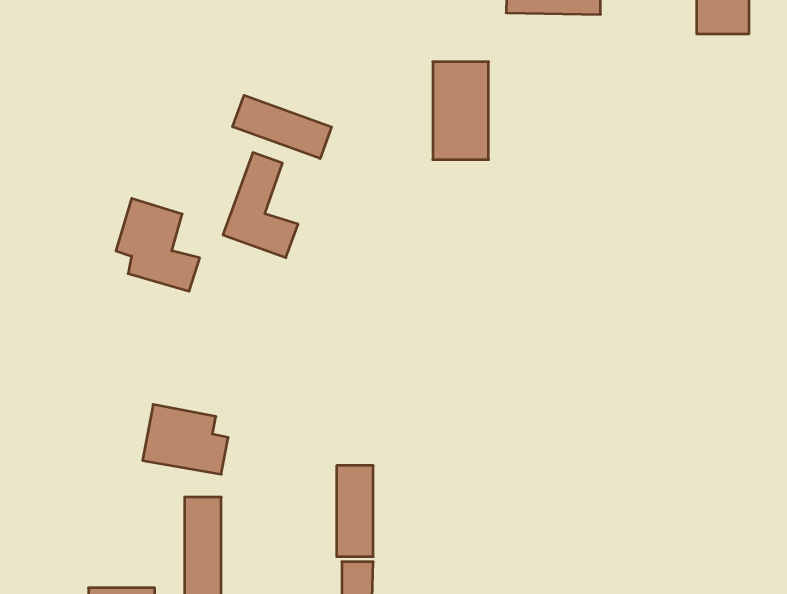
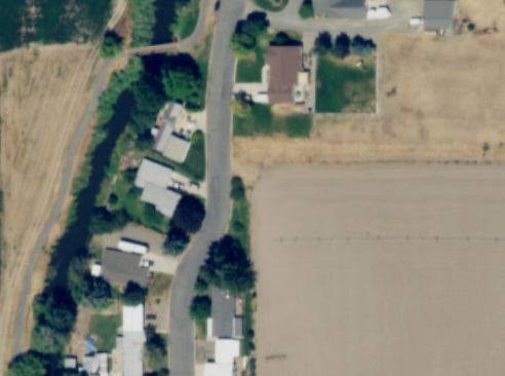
building: [233,95,332,159] -> none
building: [116,198,200,291] -> [132,158,182,213]

